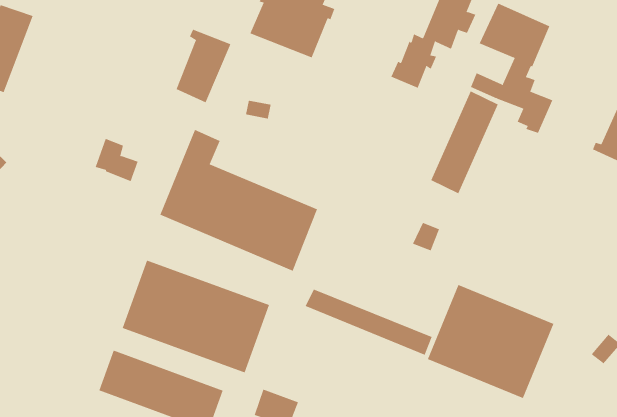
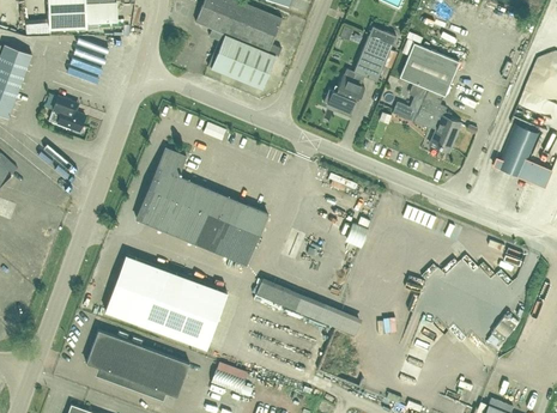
building: [176,29,231,103] -> none
building: [430,91,498,194] -> none
building: [95,138,138,182] -> [48,96,84,132]
building: [427,284,554,399] -> none

